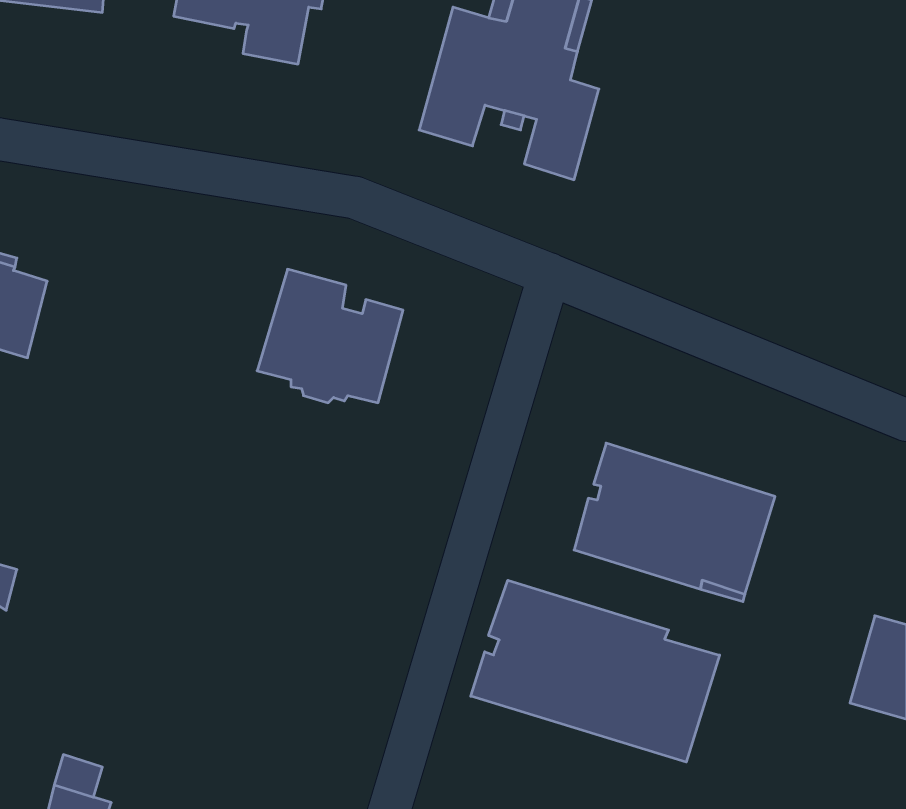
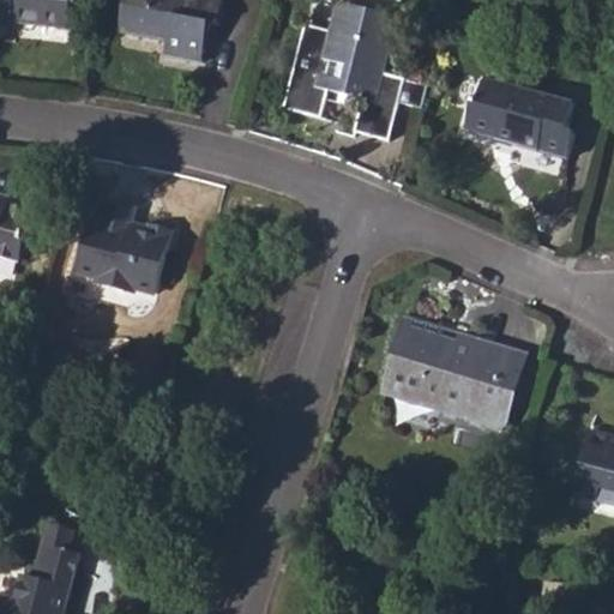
building: none -> [460,76,571,157]
building: [257,269,403,403] -> [72,203,170,293]
building: [471,580,720,762] -> none

